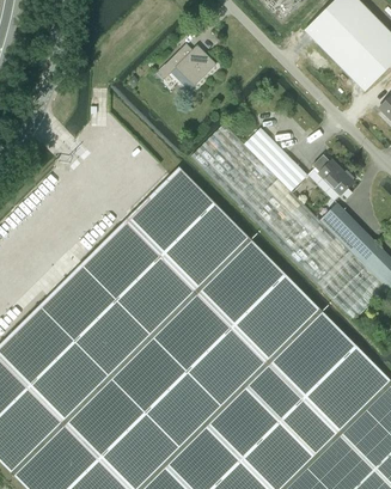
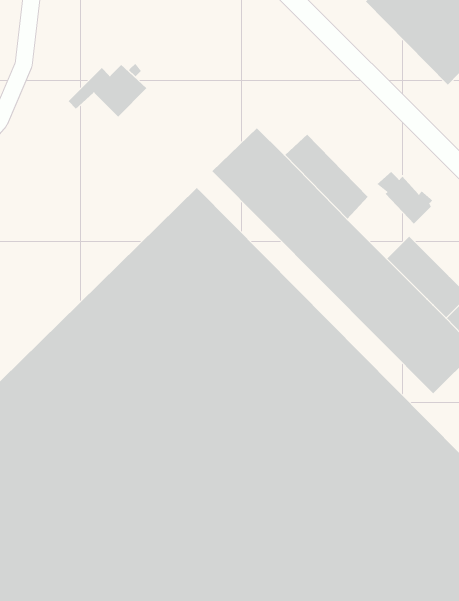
building: [157,47,215,86] -> [68,64,147,117]

